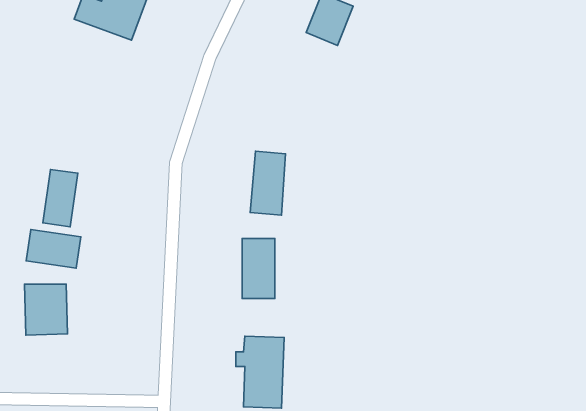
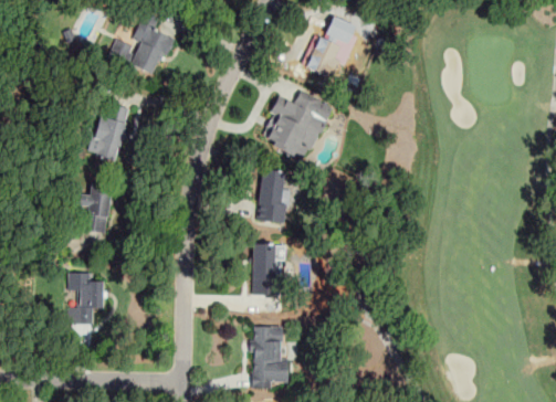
building: none -> [259,88,334,161]
building: none -> [88,102,129,159]
building: [26,229,81,268] -> none

